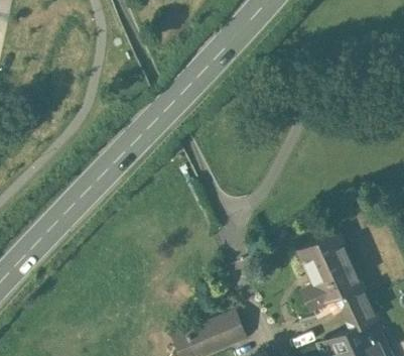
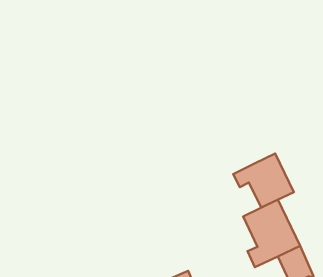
building: none -> [233,153,294,208]

